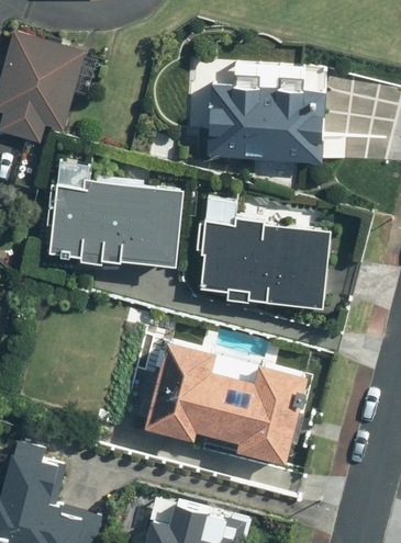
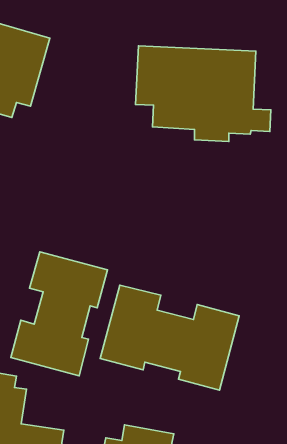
building: [47,179,186,267] -> none
building: [197,216,332,308] -> none
building: none -> [11,252,107,376]

